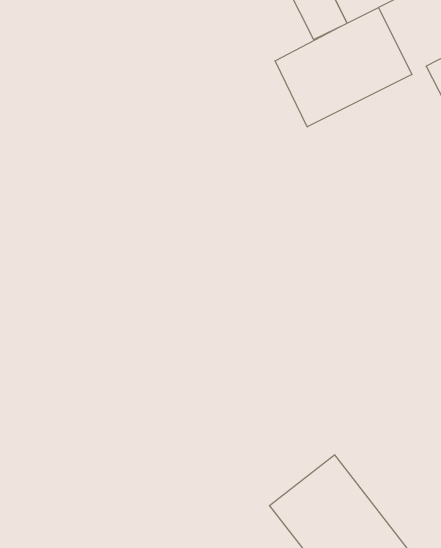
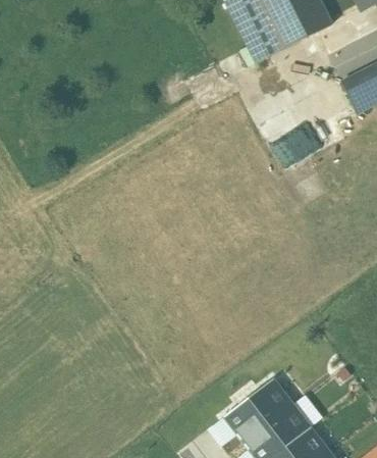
building: [275,8,412,127] -> none

